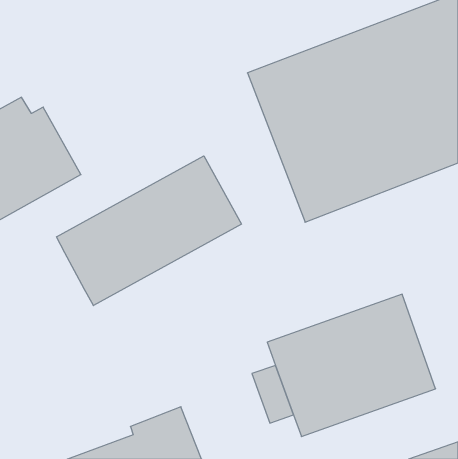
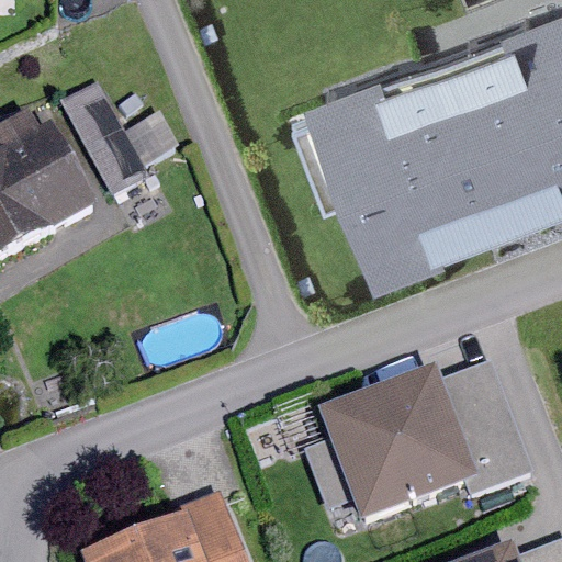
building: none -> [59,81,180,201]
building: [57,156,241,306] -> none

